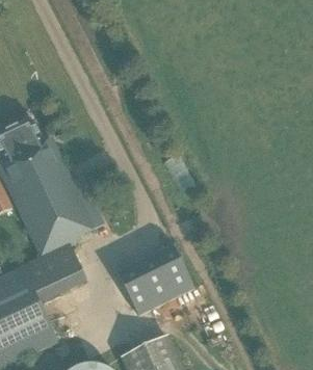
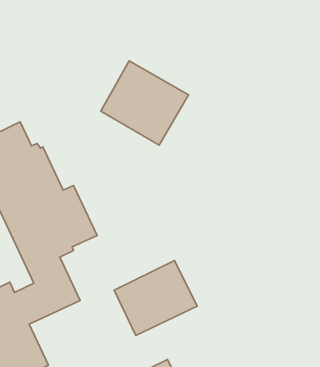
building: none -> [101,61,189,145]

